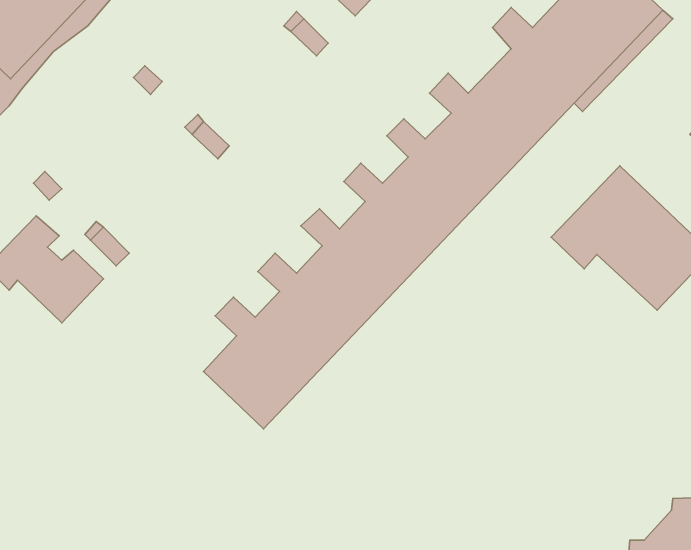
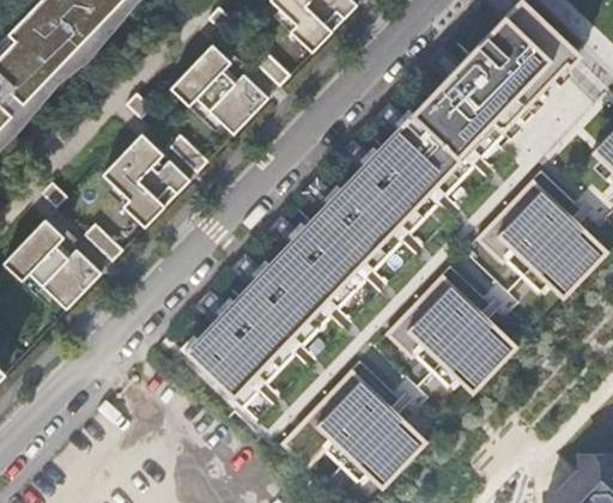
building: none -> [170,44,268,135]
building: none -> [103,139,190,228]
building: none -> [386,273,520,395]
building: none -> [281,369,429,490]

